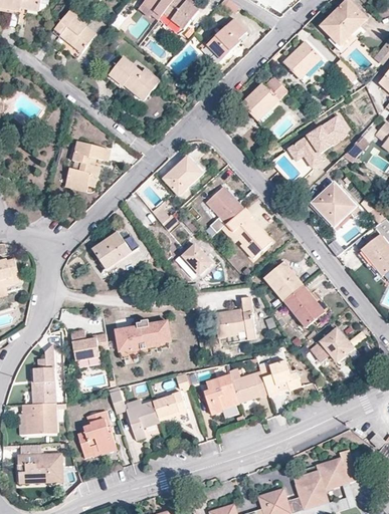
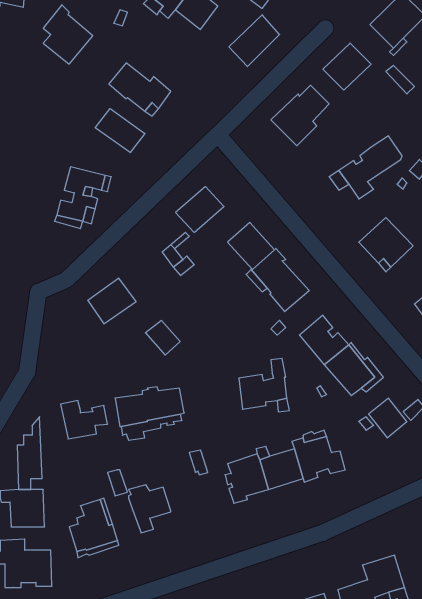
building: none -> [95,109,145,153]
building: [182,245,210,273] -> [145,321,180,355]
building: [152,391,186,420] -> none

